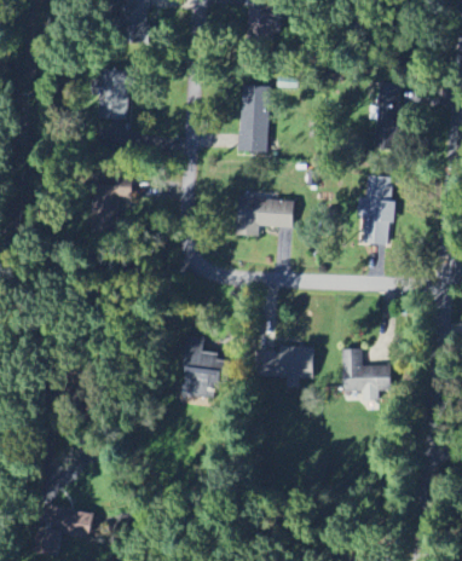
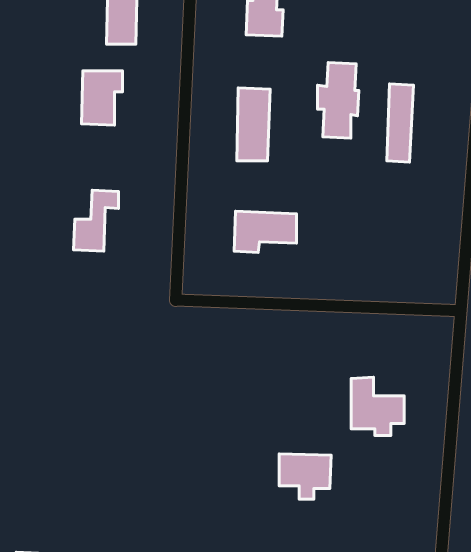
building: [357,175,394,244] -> [318,63,359,138]
building: [266,346,313,387] -> [279,454,331,499]
building: [179,348,227,403] -> none

